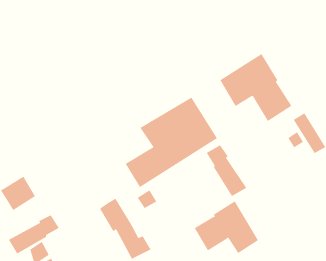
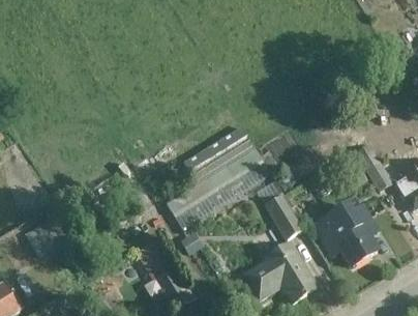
building: [220,53,292,122] -> none
building: none -> [312,204,377,265]
building: [8,214,60,255] -> none

